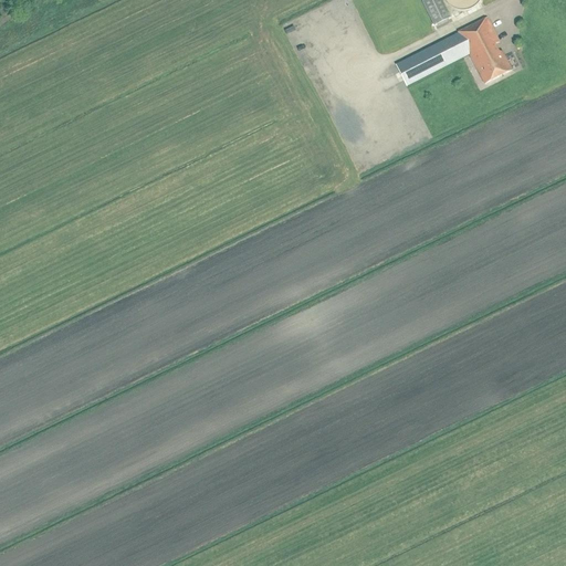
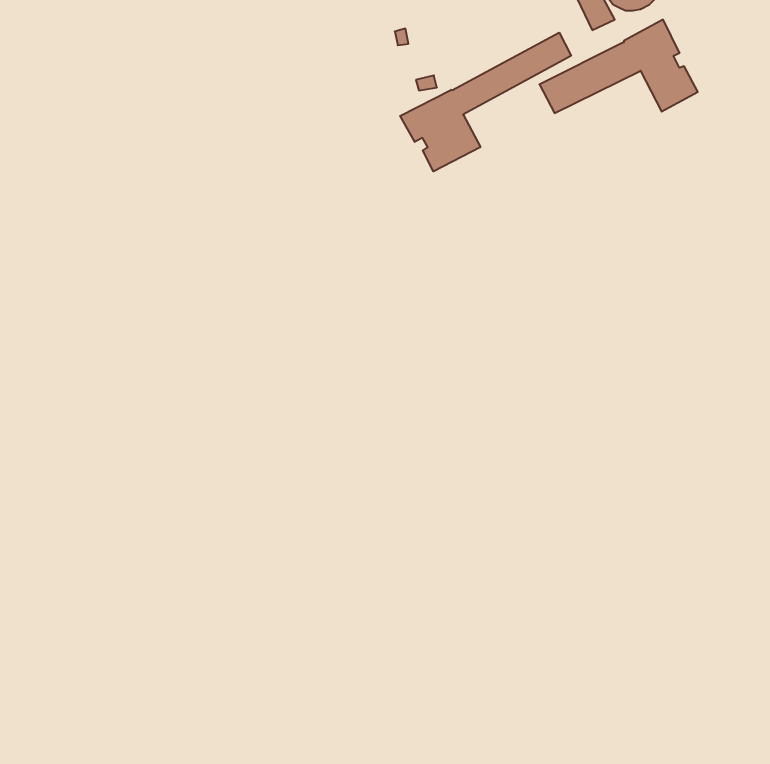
building: none -> [400,33,571,171]

